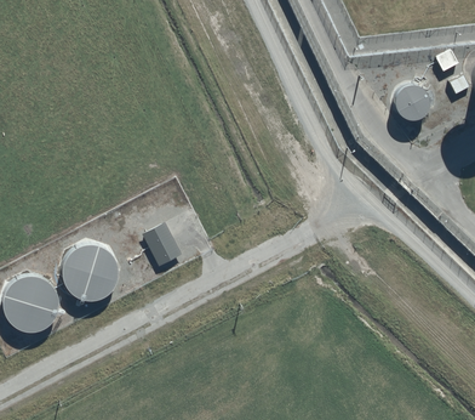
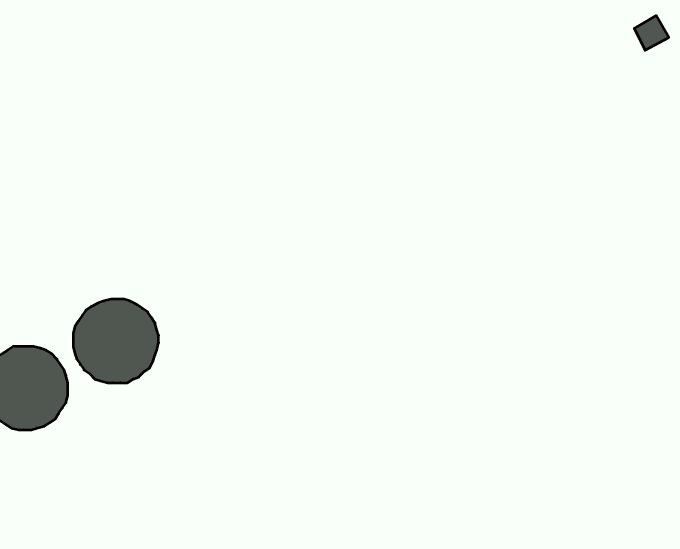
building: [394,85,430,121] -> none
building: [142,221,182,265] -> none

